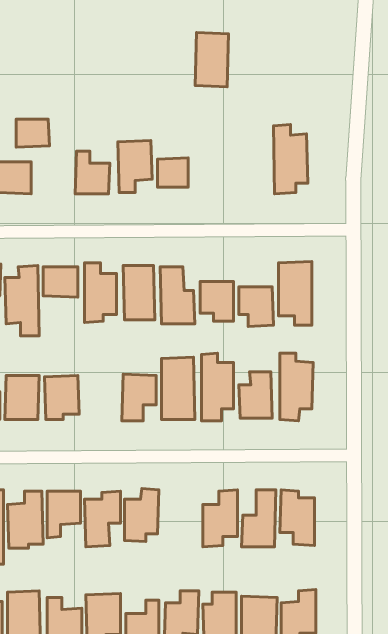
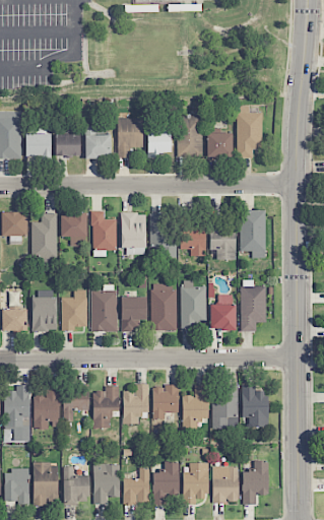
building: [195,32,228,87] -> [177,116,202,157]
building: [16,119,49,147] -> [55,135,80,156]
building: none -> [206,133,233,157]
building: none -> [90,285,117,332]
building: none -> [151,386,178,419]

